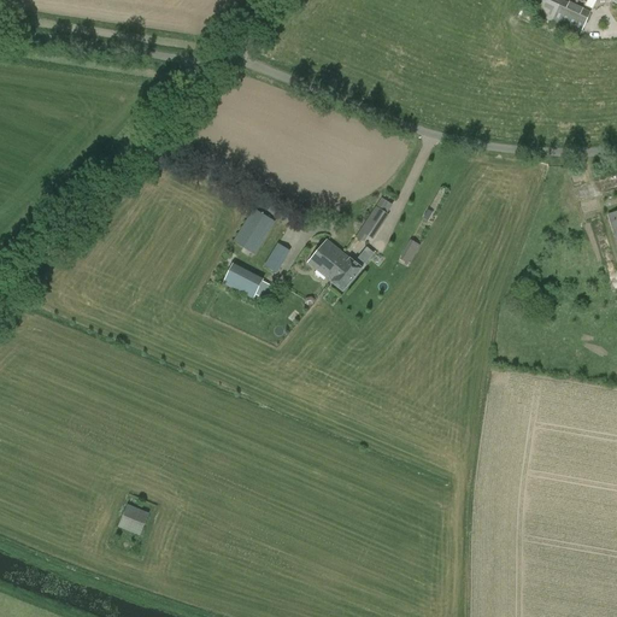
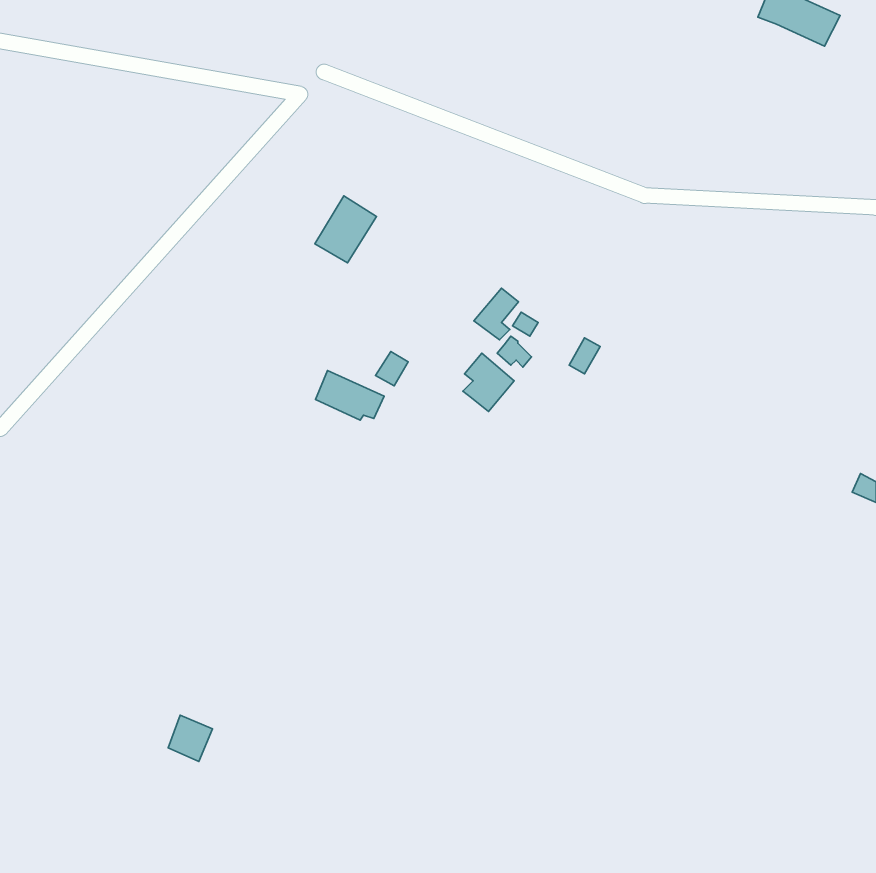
building: [233,206,276,253] -> [315,196,377,263]
building: [307,239,339,275] -> [474,288,519,340]

